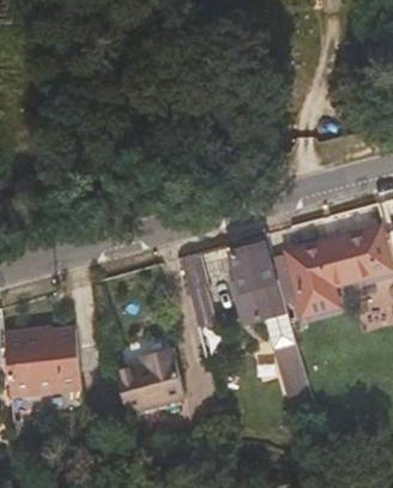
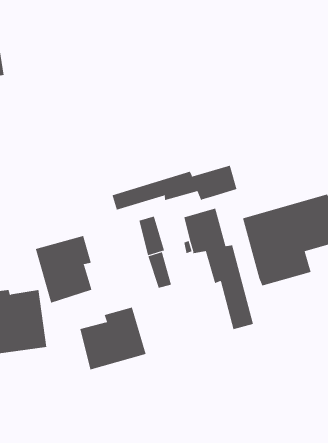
building: none -> [112,165,237,211]
building: none -> [35,235,92,304]

